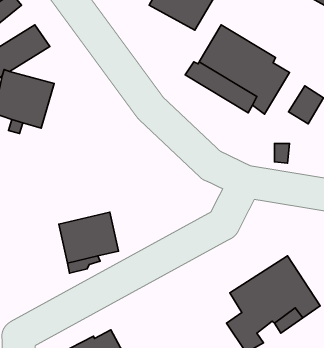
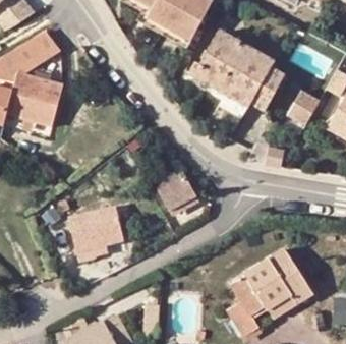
building: none -> [159,170,198,209]

